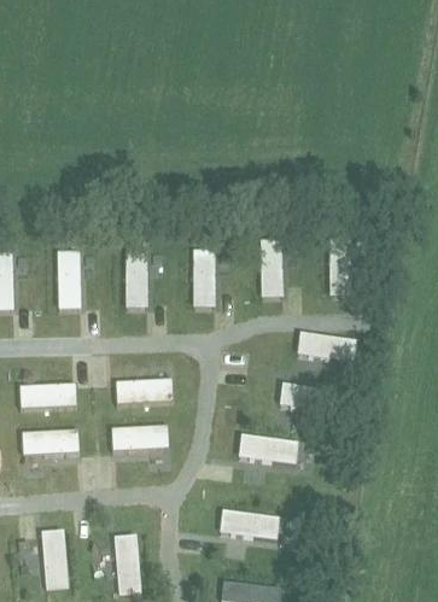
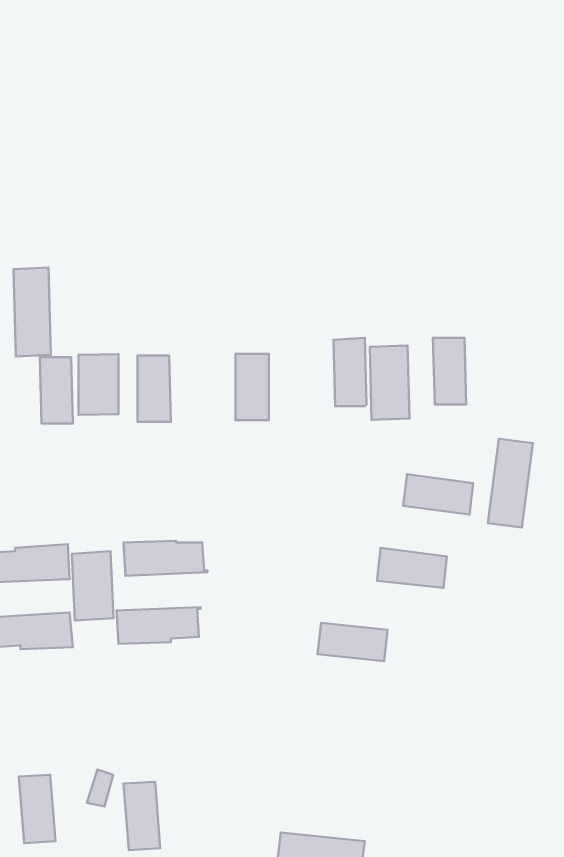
building: none -> [13,268,51,357]
building: none -> [370,346,409,420]
building: none -> [78,354,118,415]
building: none -> [488,439,533,527]
building: none -> [72,551,113,620]
building: [230,512,279,539] -> none

